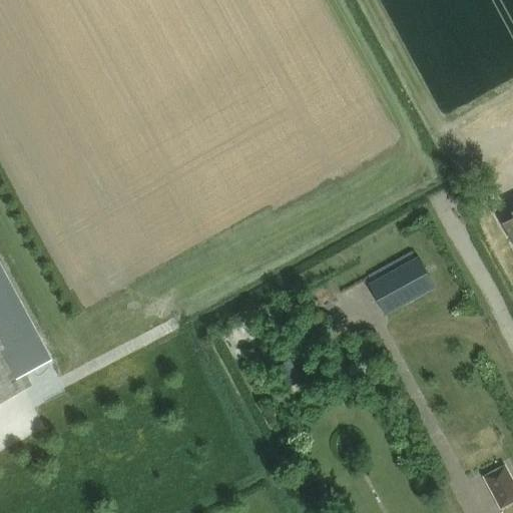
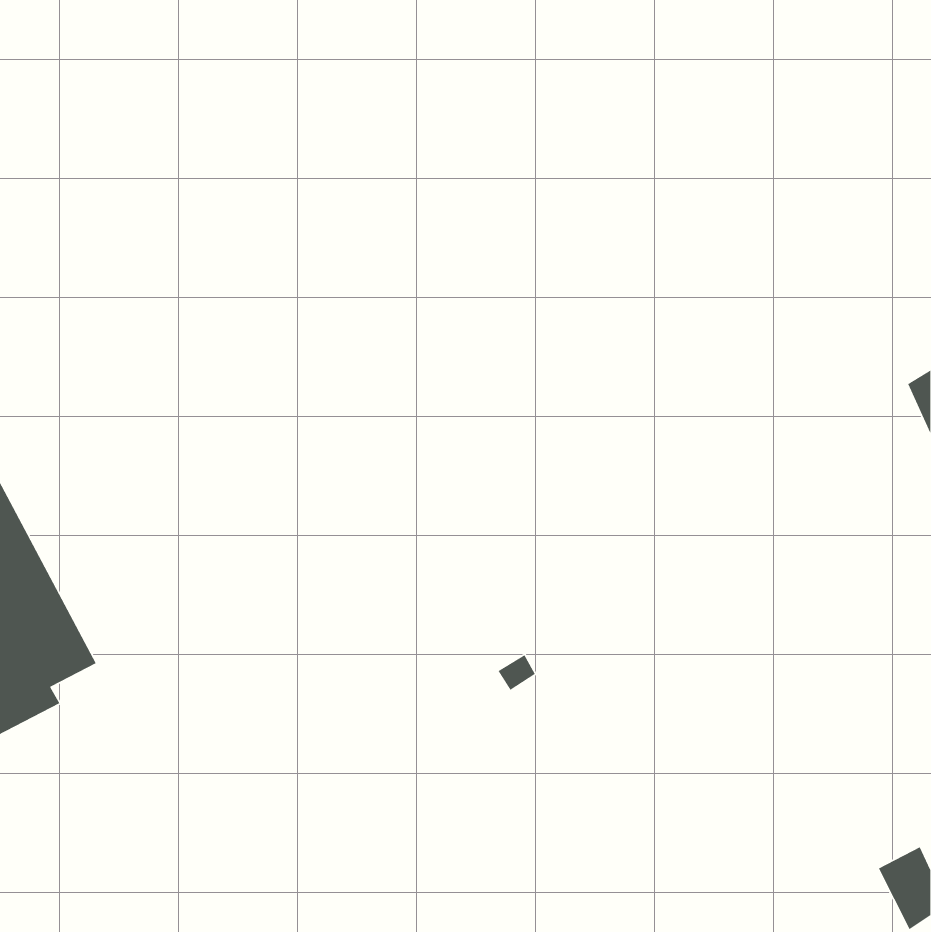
building: [370,256,434,312] -> none

